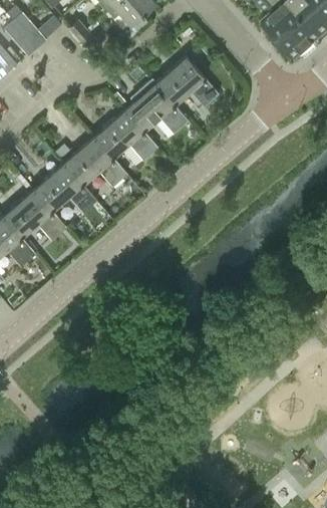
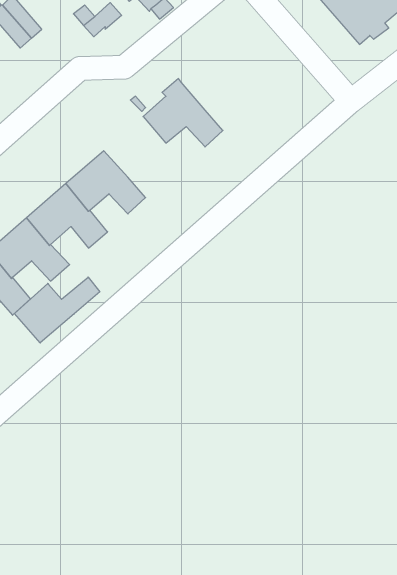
building: [154,56,219,107] -> none
building: [93,109,157,161] -> none
building: none -> [14,277,100,343]

